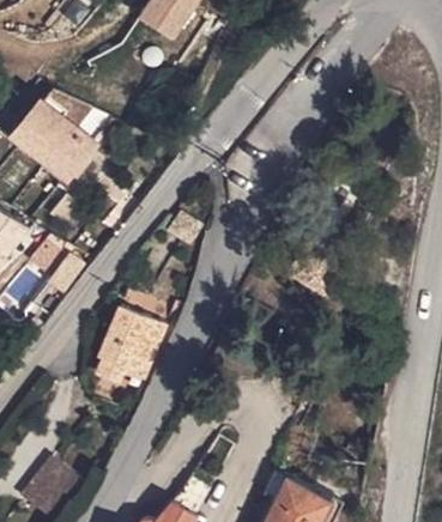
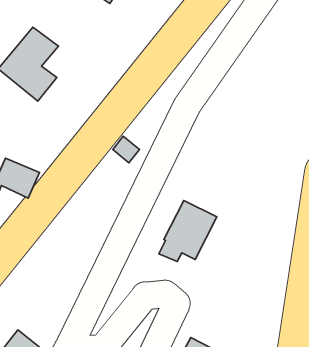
building: [96,306,169,383] -> [159,201,217,261]

